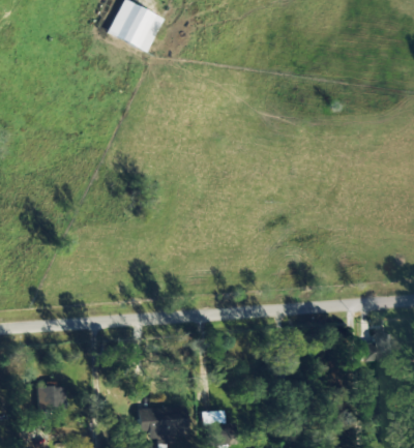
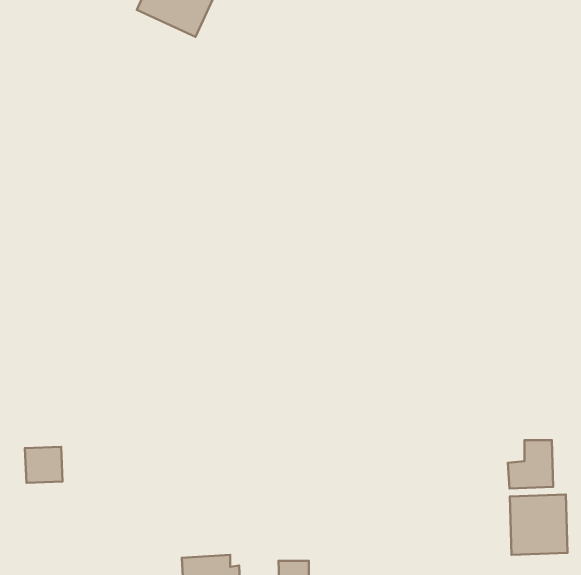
building: none -> [510,495,568,555]
building: [39,384,65,409] -> [25,447,63,483]

